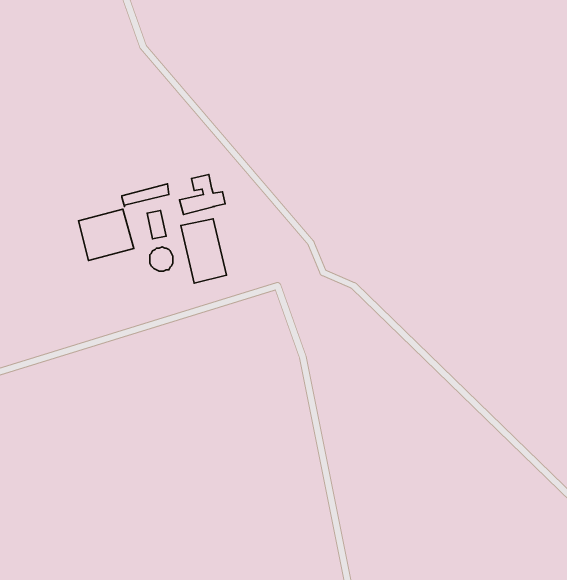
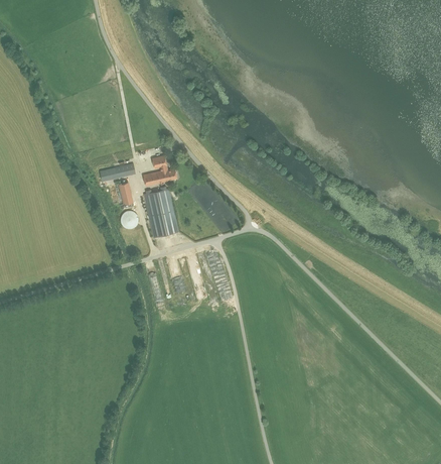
building: [78,209,134,260] -> none

